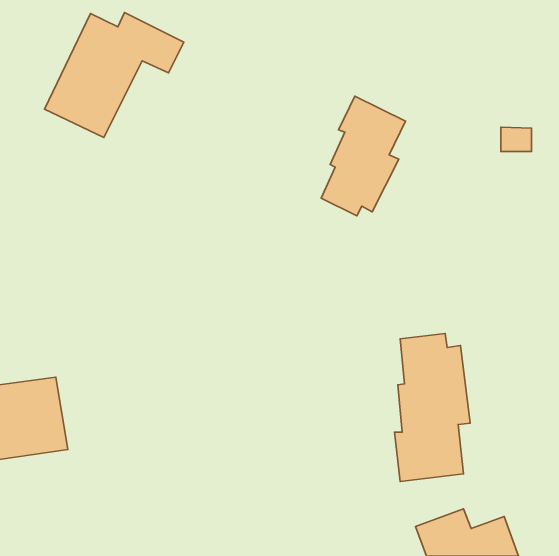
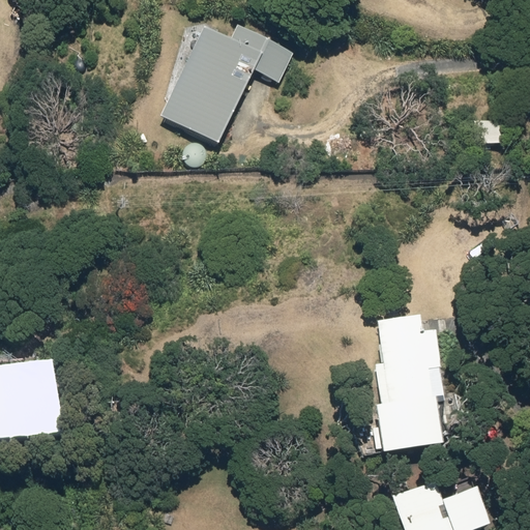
building: [44,12,184,138] -> [160,24,292,142]
building: [321,96,405,216] -> none

